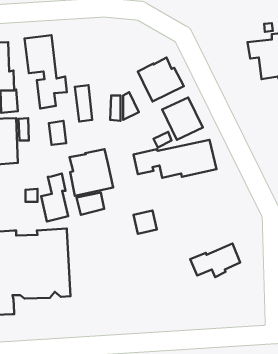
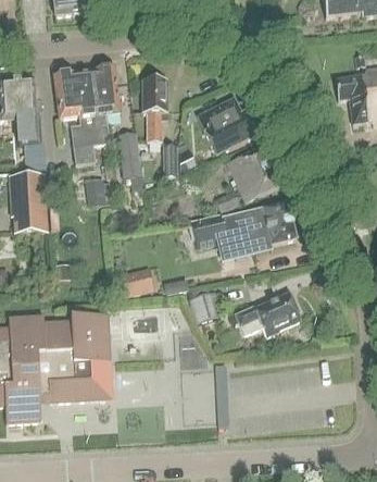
building: none -> [88,66,117,124]
building: none -> [140,78,167,141]
building: [70,149,113,196] -> none
building: [41,174,68,221] -> none
building: [190,243,240,277] -> [236,293,299,335]

